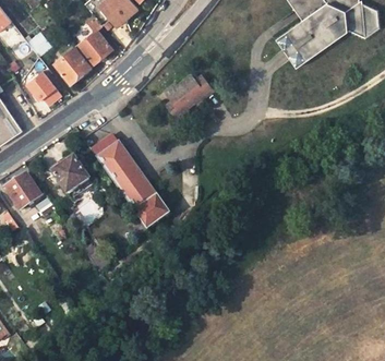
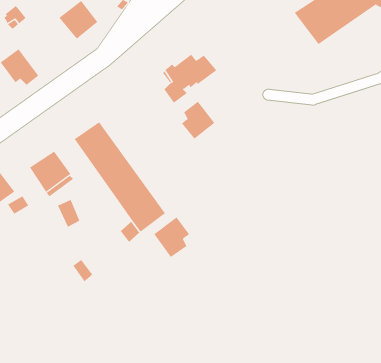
building: [55,47,89,82] -> none
building: none -> [181,101,215,140]
building: none -> [153,217,190,258]

